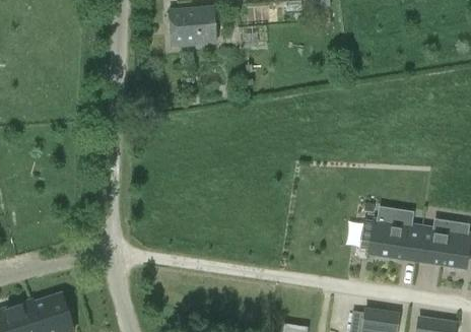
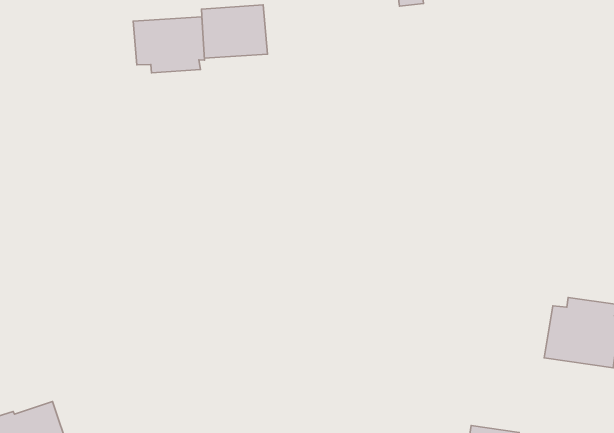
building: none -> [133,17,204,73]
building: [366,205,422,261] -> none

